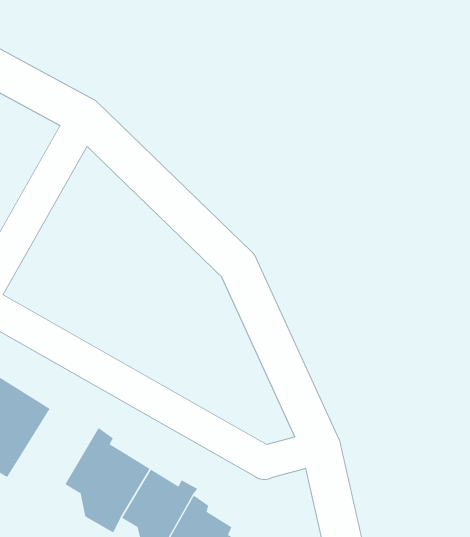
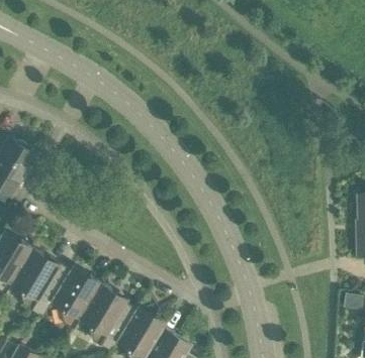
building: none -> [50,269,101,328]

